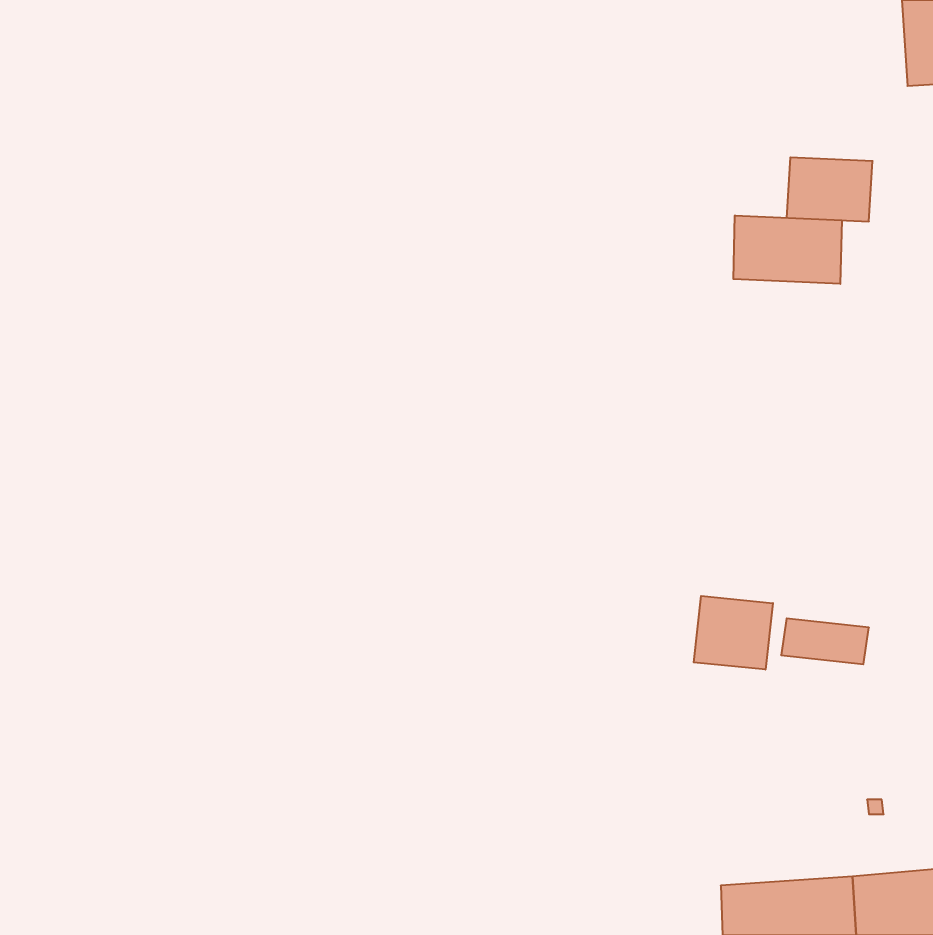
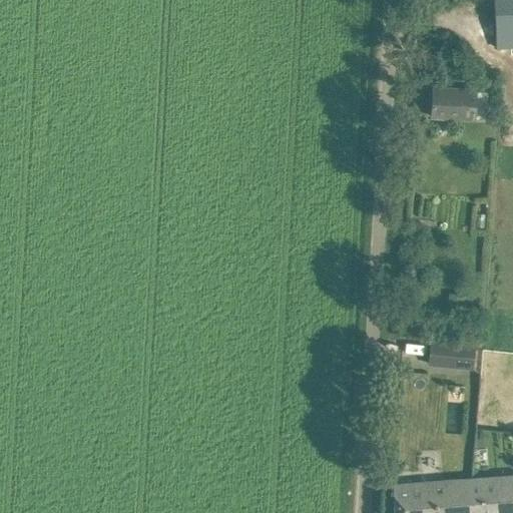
building: [733,215,842,284] -> none
building: [694,596,773,670] -> none

